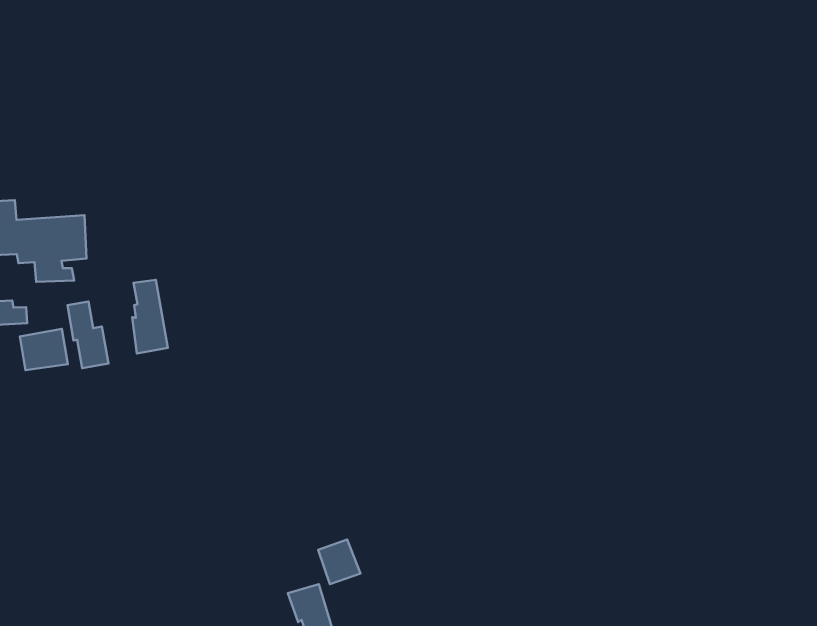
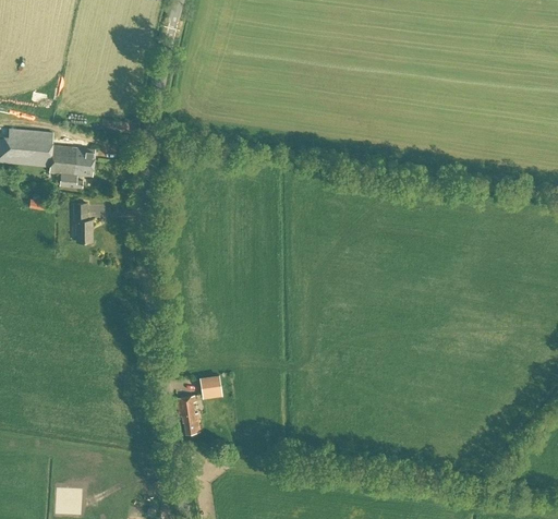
building: [132,280,168,354] -> none
building: [20,329,68,370] -> none

